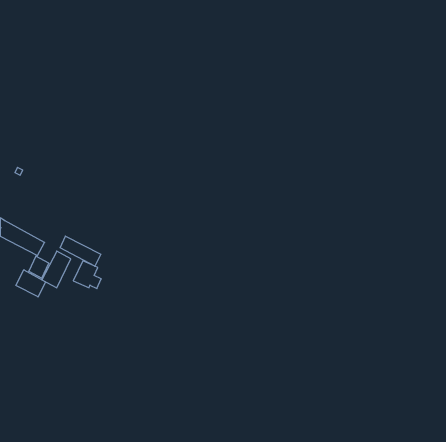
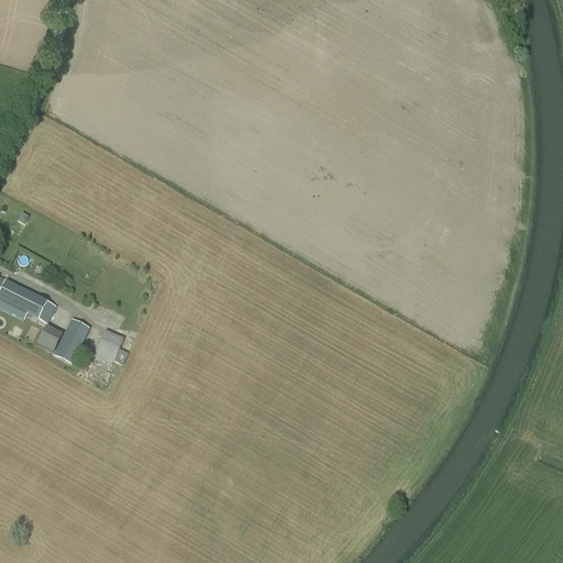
building: [60,236,101,266] -> none
building: [16,270,45,297] -> none

